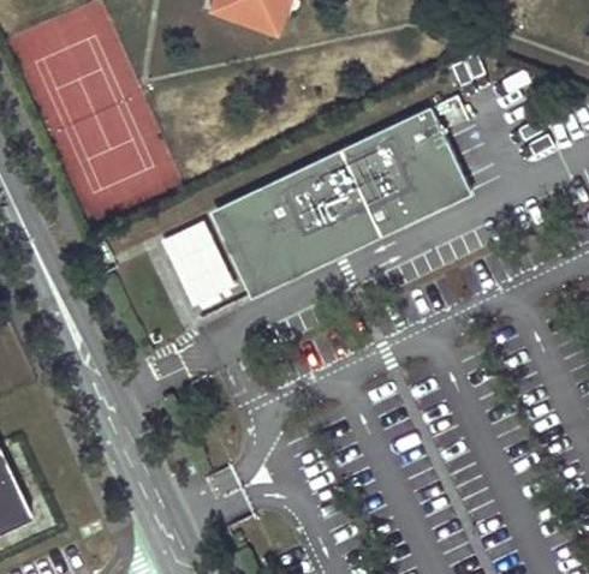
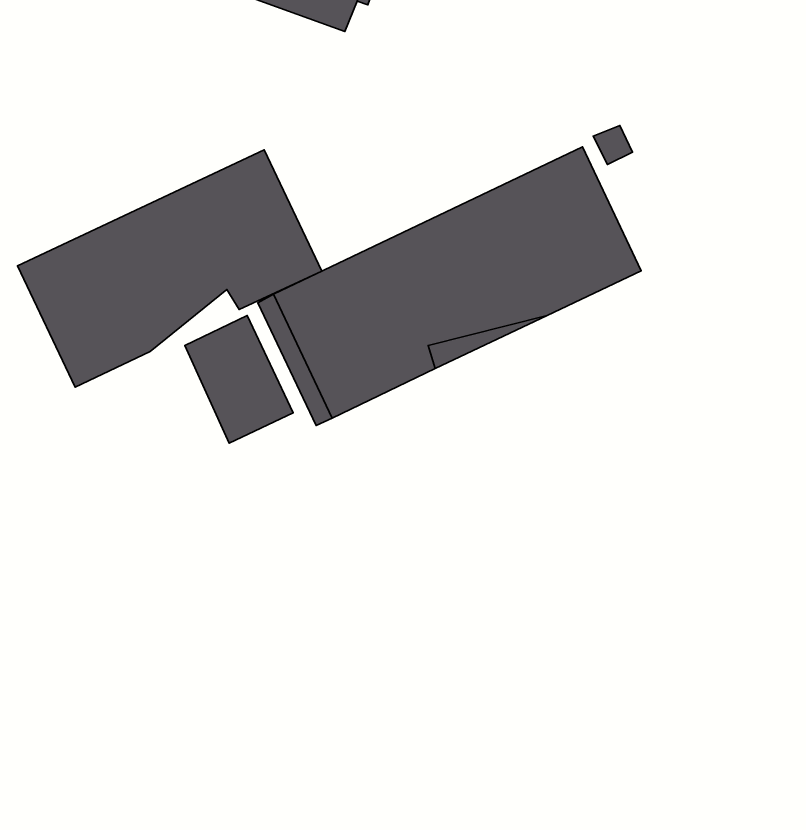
building: none -> [17,150,322,387]

